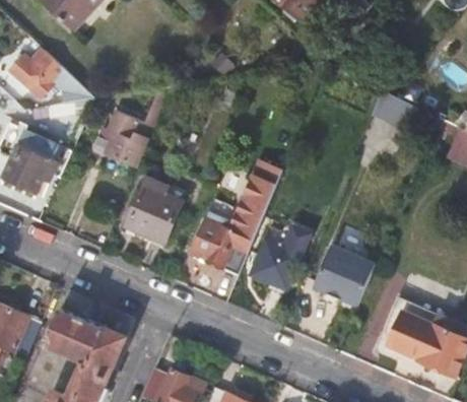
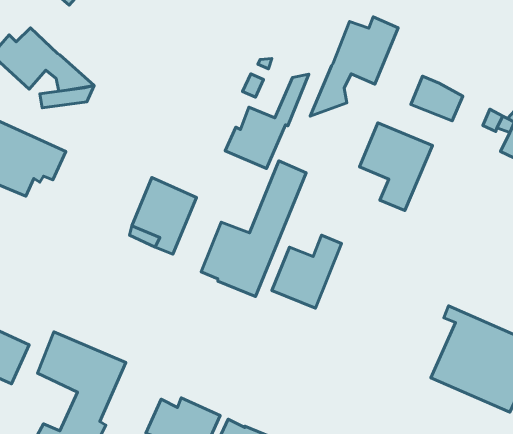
building: none -> [310,17,398,116]
building: [99,85,172,166] -> [225,74,309,168]
building: none -> [360,123,432,211]
building: [313,245,373,306] -> none

